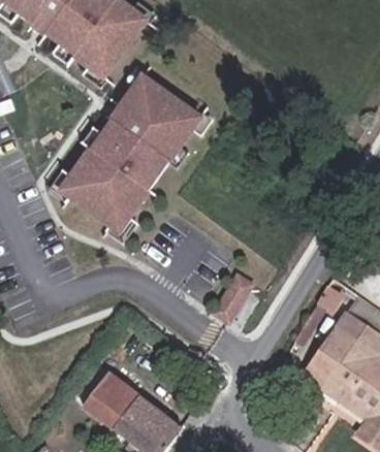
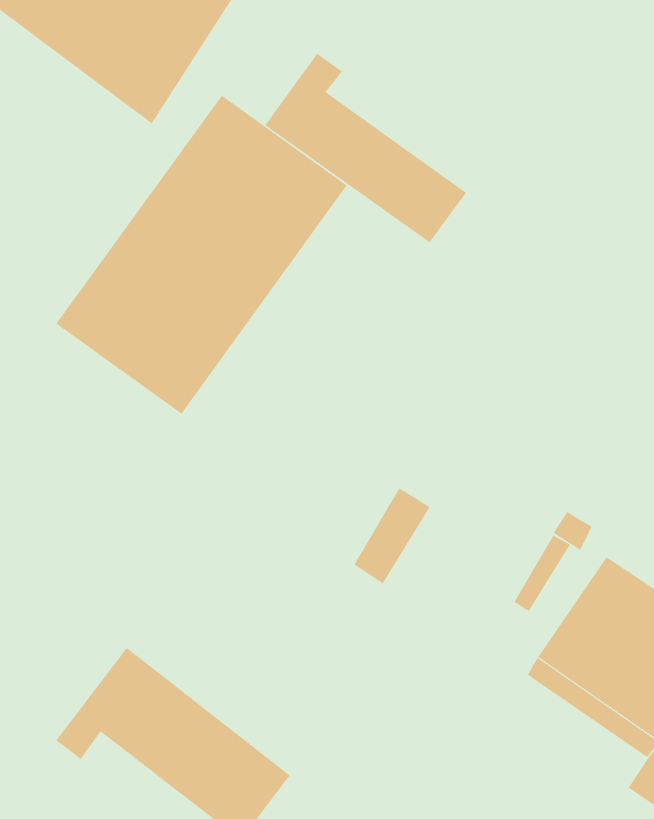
building: none -> [264,53,467,243]

